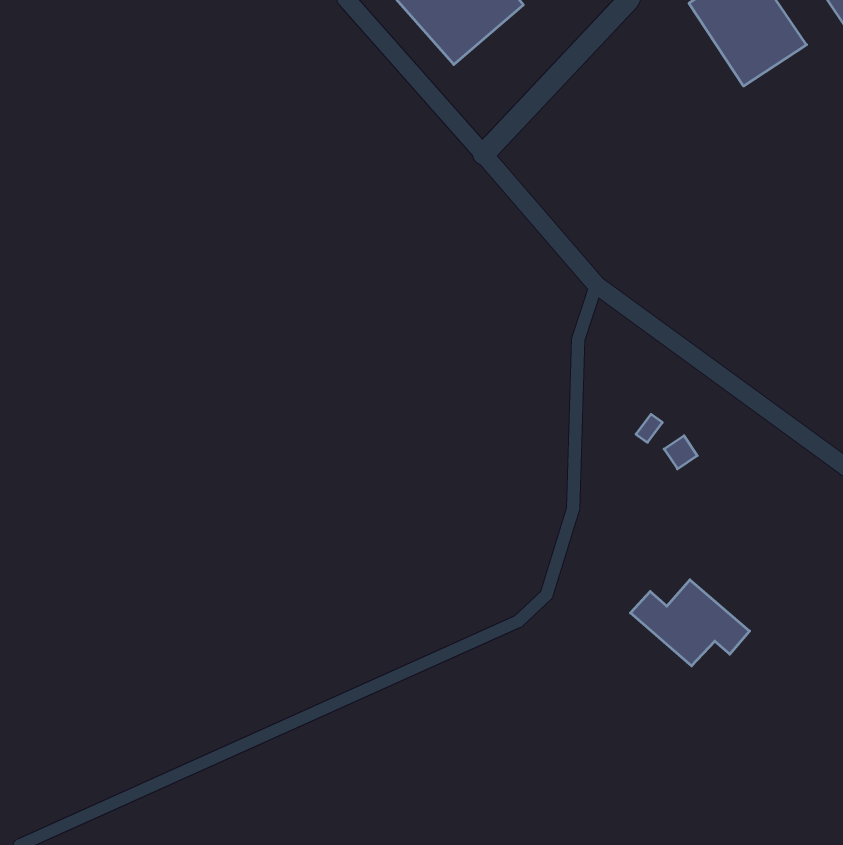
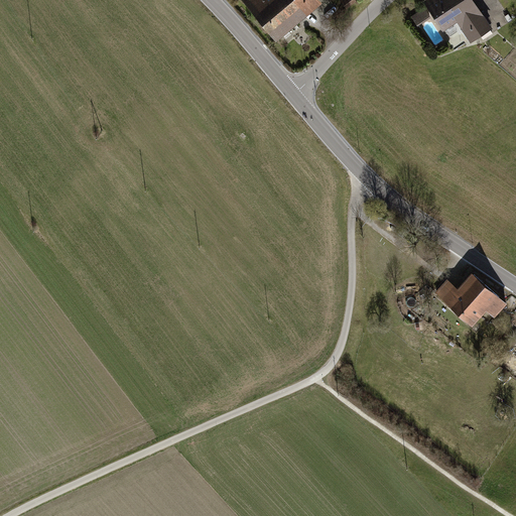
building: [630,580,750,666] -> [436,271,509,324]

